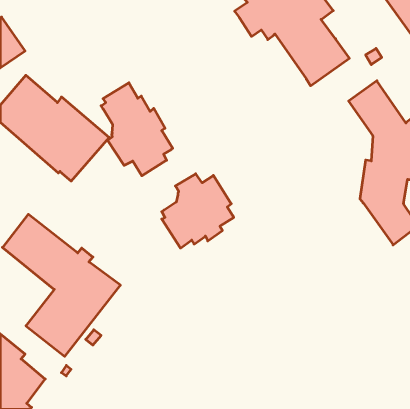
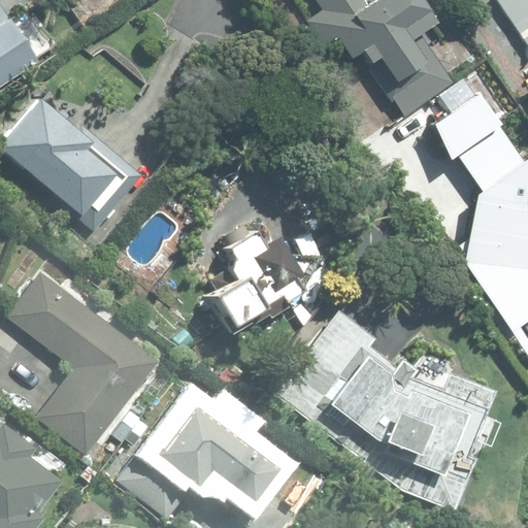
building: [101,83,173,176] -> none
building: none -> [274,312,493,510]
building: none -> [117,385,287,508]

